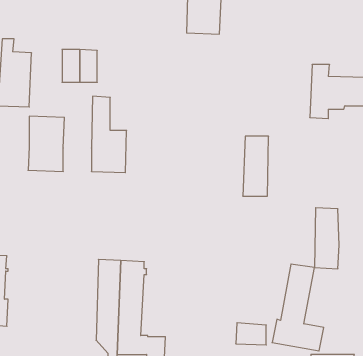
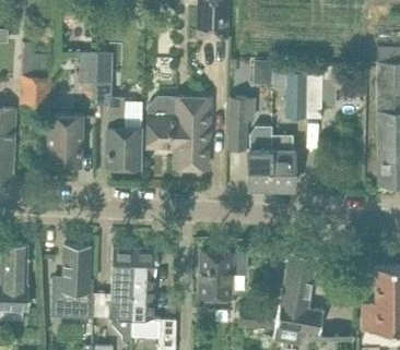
building: none -> [269,71,306,117]
building: none -> [146,96,211,169]
building: none -> [228,97,256,148]
building: [314,208,339,269] -> [271,133,294,190]
building: none -> [52,245,95,316]
building: none -> [199,250,248,301]

